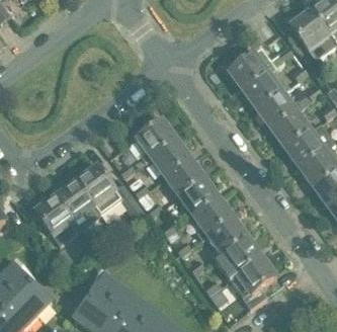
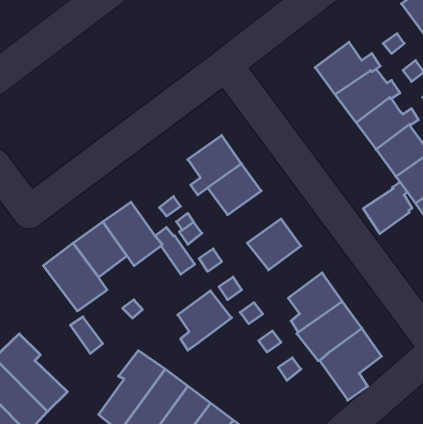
building: none -> [363,182,412,234]
building: [166,158,204,195] -> none
building: [195,197,234,240] -> [178,291,232,350]

